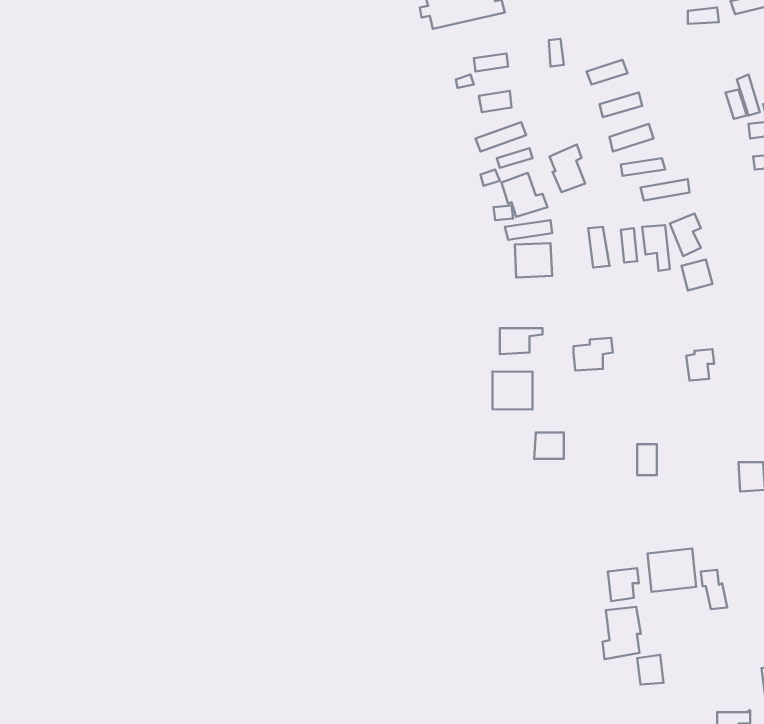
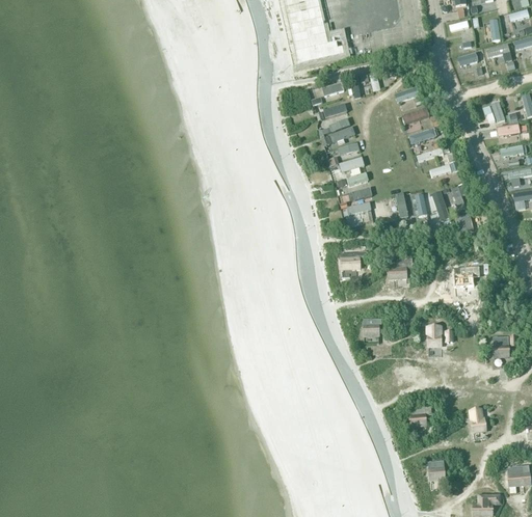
building: [550,145,585,192] -> none
building: [493,372,532,409] -> none
building: [648,549,696,592] -> none
building: [602,607,641,659] -> none

